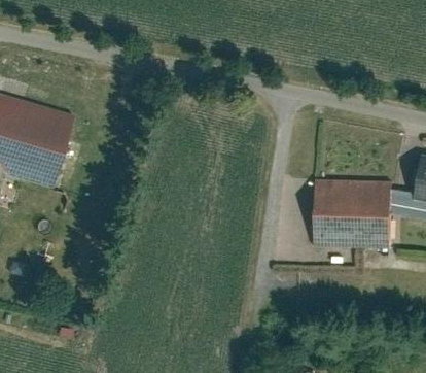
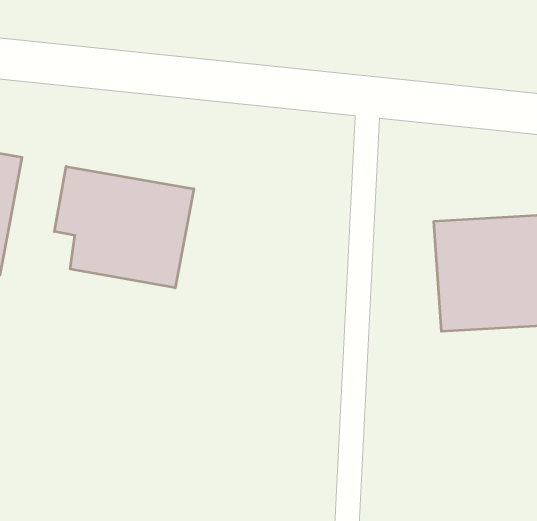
building: none -> [54,166,194,288]

